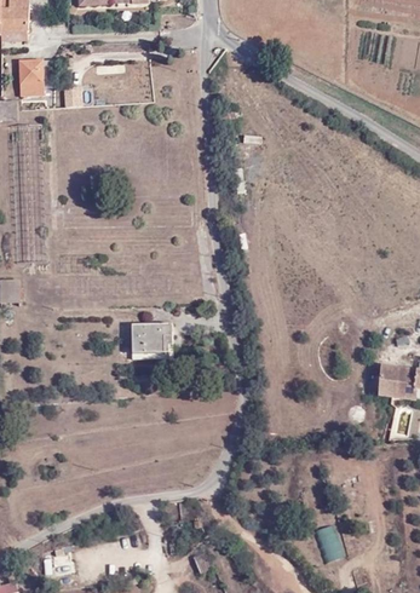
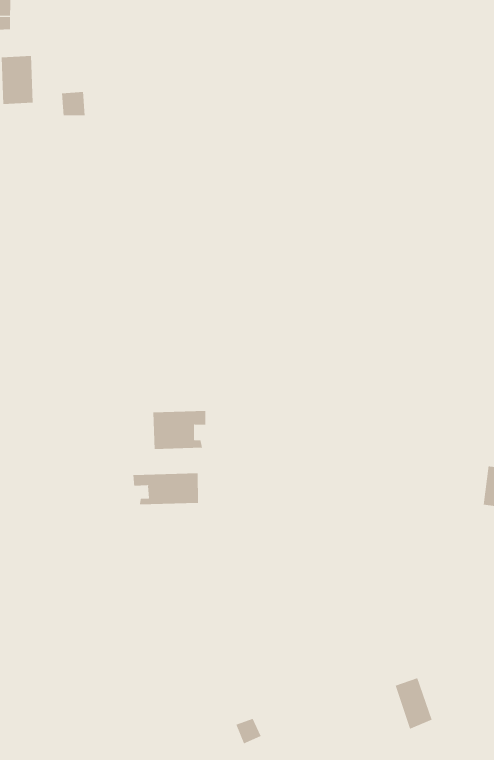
building: none -> [133,472,198,505]

